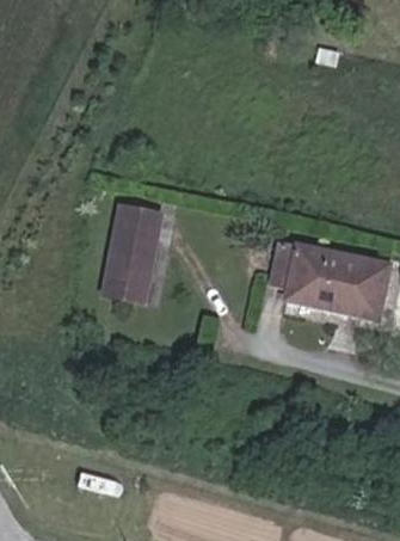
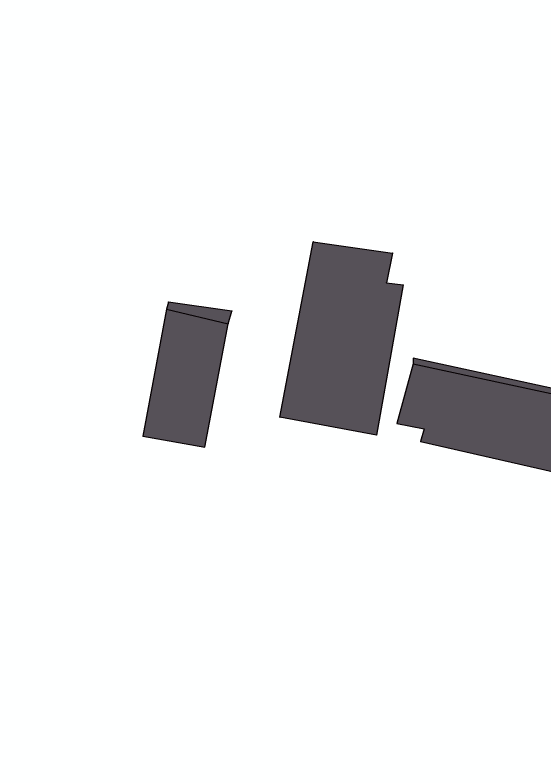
building: none -> [280,242,403,435]

